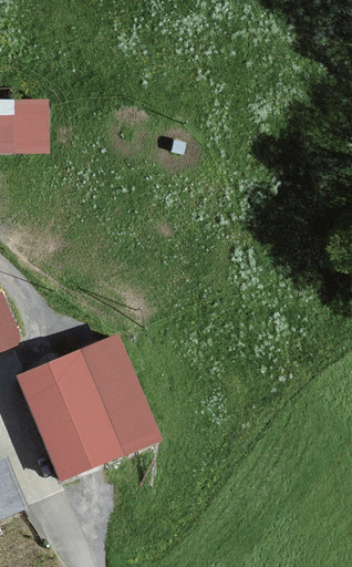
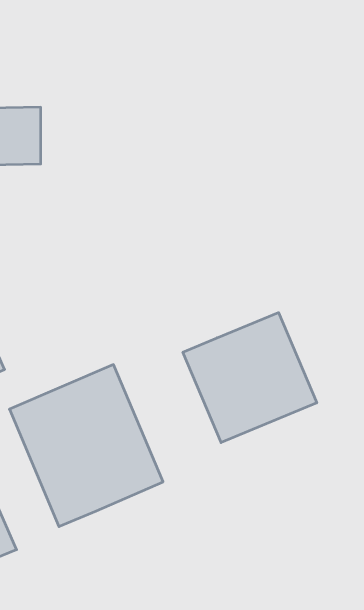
building: none -> [183,313,317,443]

